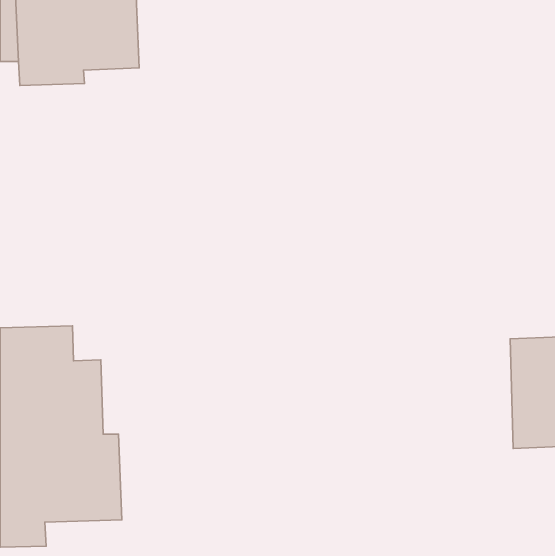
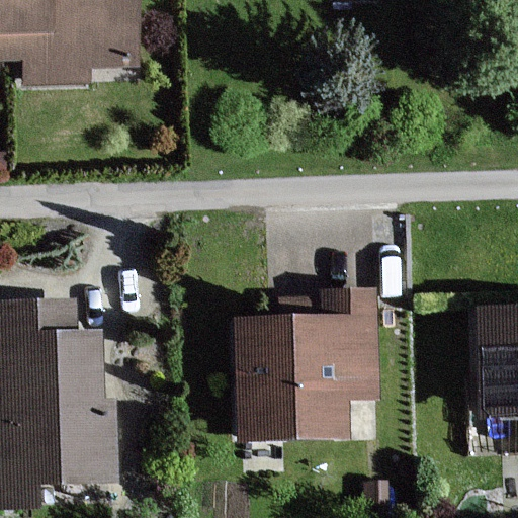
building: none -> [234,289,374,440]

